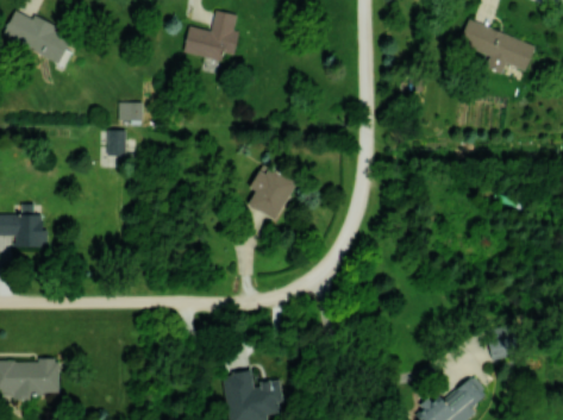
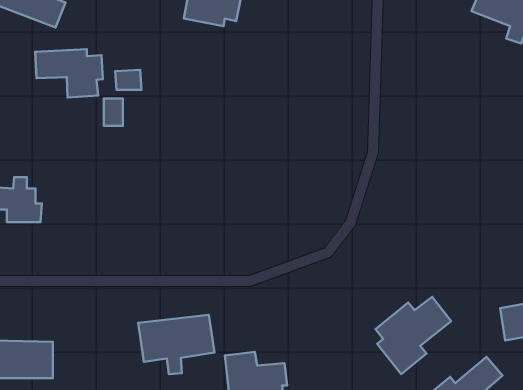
building: none -> [35,49,103,97]
building: [248,165,298,221] -> none
building: none -> [375,297,451,374]
building: none -> [138,315,215,374]

